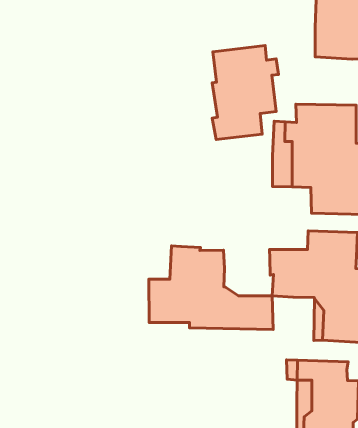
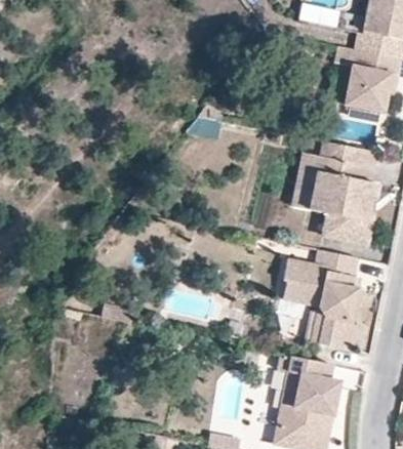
building: [212,46,278,140] -> none
building: [149,246,273,330] -> none

